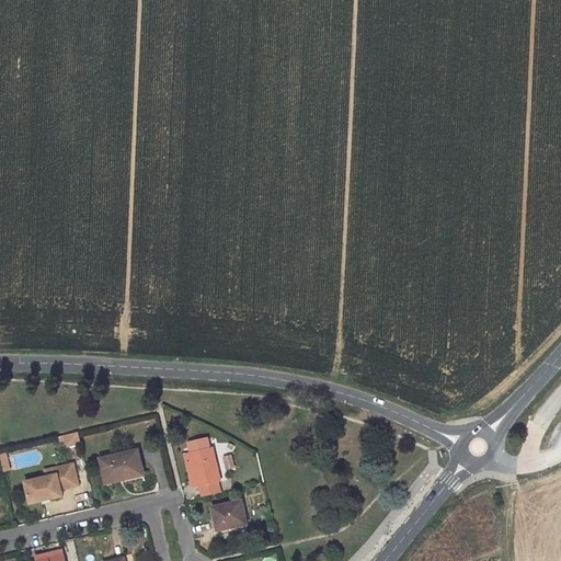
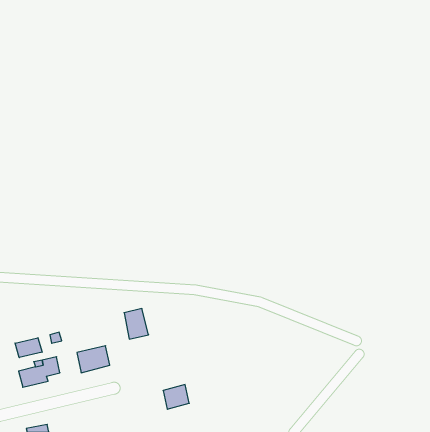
building: none -> [15,338,42,358]
building: [187,446,219,485] -> [124,309,149,339]

